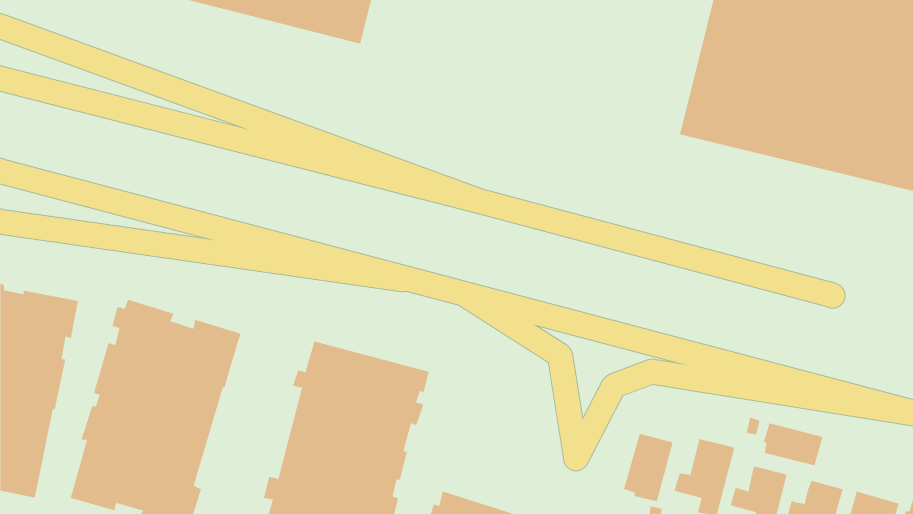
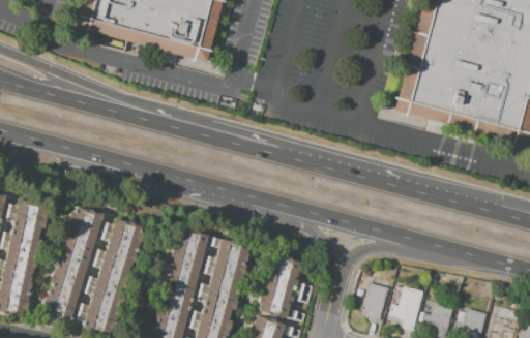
building: none -> [259,253,301,319]
building: [763,422,823,466] -> none

